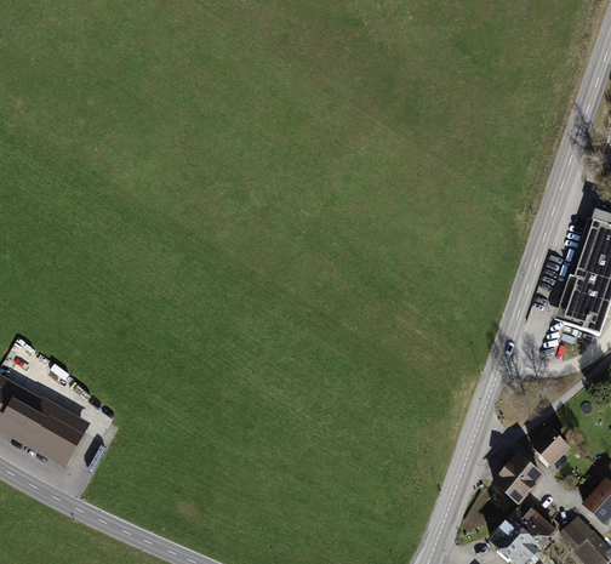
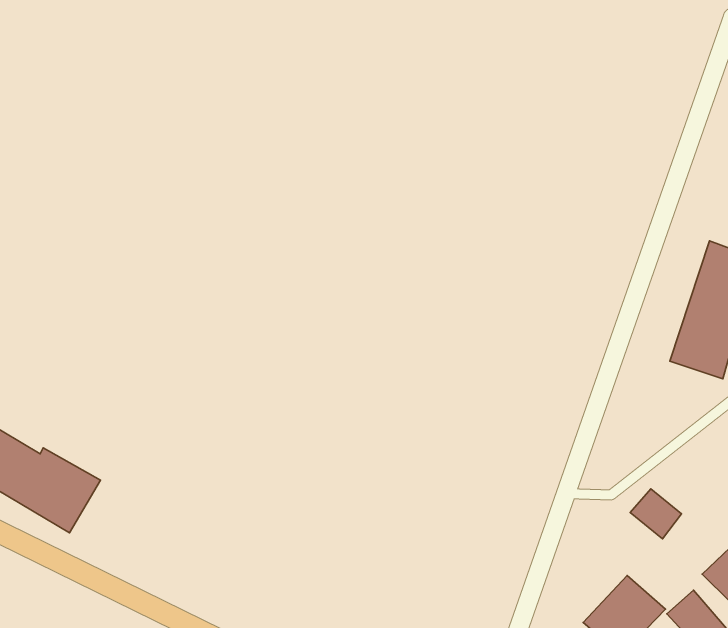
building: [490,452,542,506] -> none

